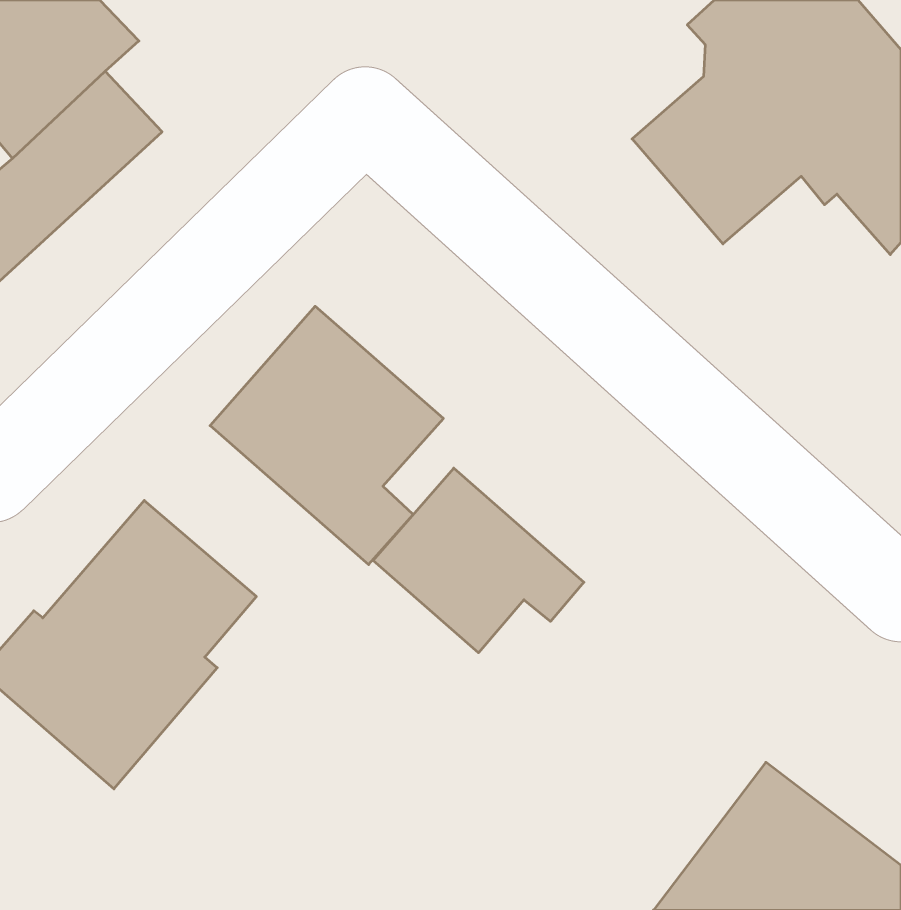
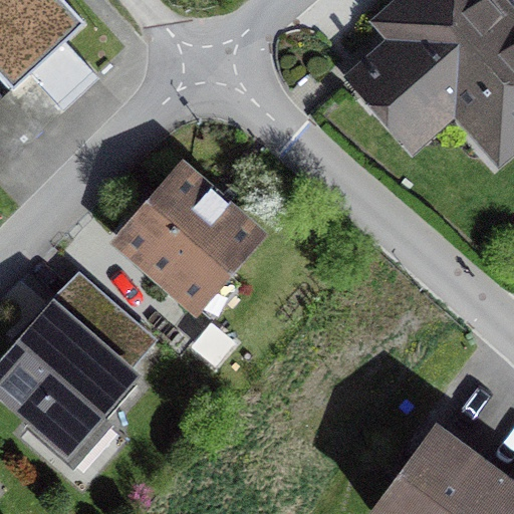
building: [373,468,584,653] -> none

